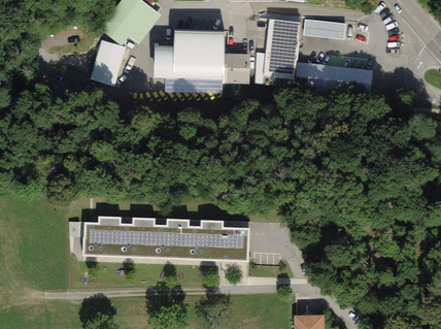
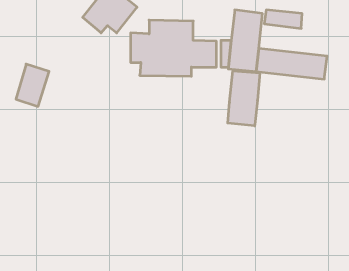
building: [90,39,127,87] -> [16,64,49,106]
building: none -> [228,71,260,126]
building: [82,216,249,262] -> none

